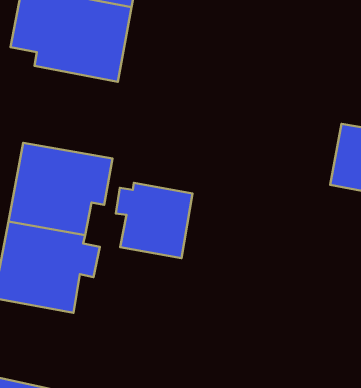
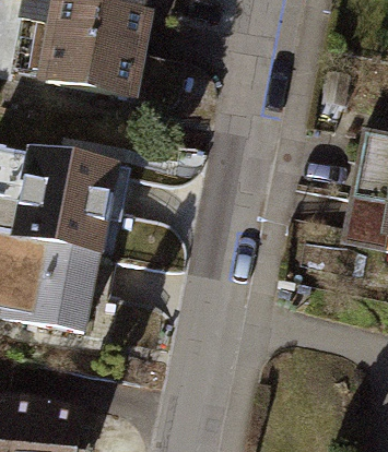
building: [116,183,192,258] -> none

